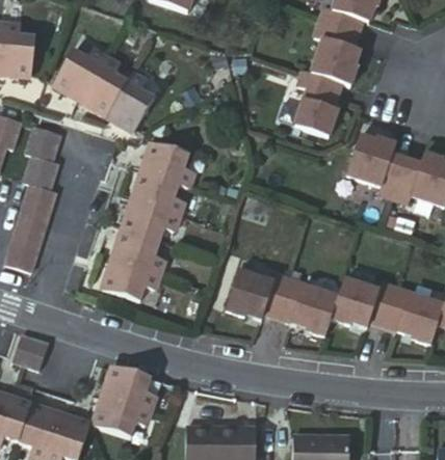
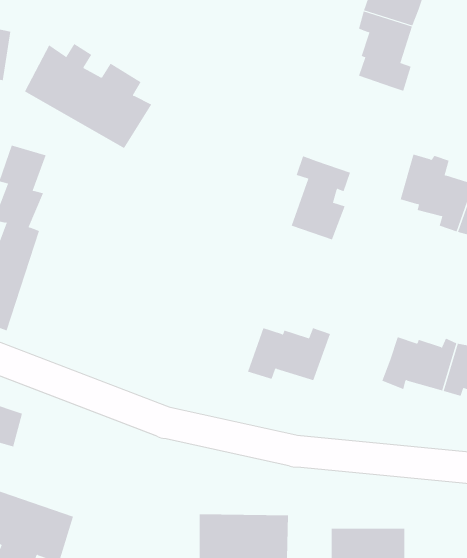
building: [293,70,341,137] -> [291,155,351,240]
building: [97,141,188,302] -> none
building: [279,279,339,336] -> none
building: [91,366,155,441] -> none

